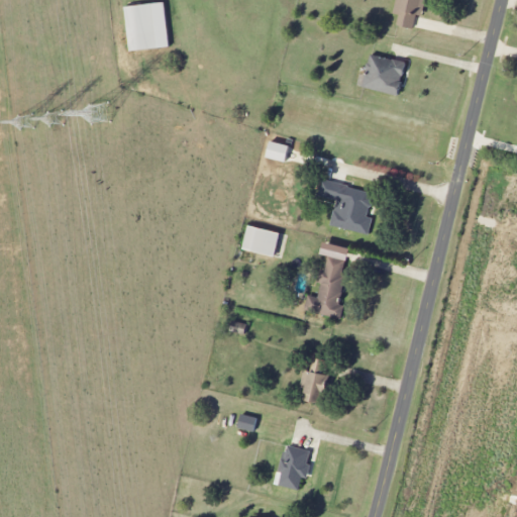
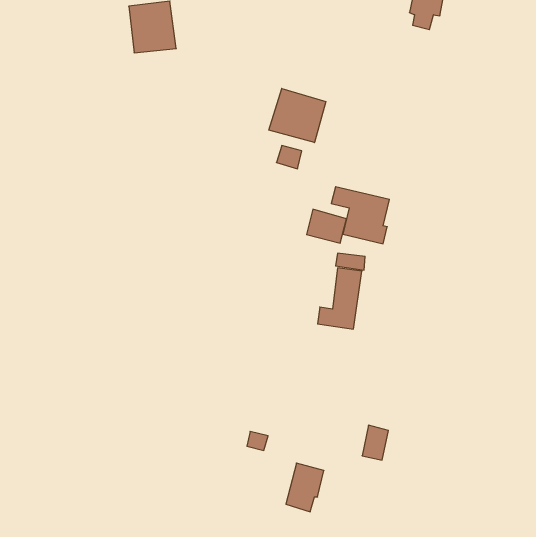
building: [355,54,405,95] -> none
building: none -> [269,88,326,143]
building: [241,223,280,255] -> [307,209,347,243]
building: [304,370,329,403] -> [362,425,388,460]

